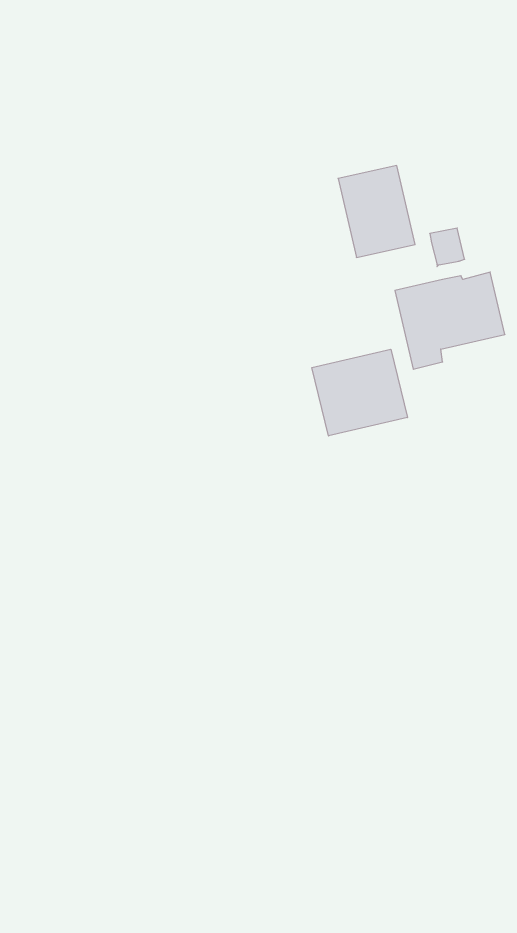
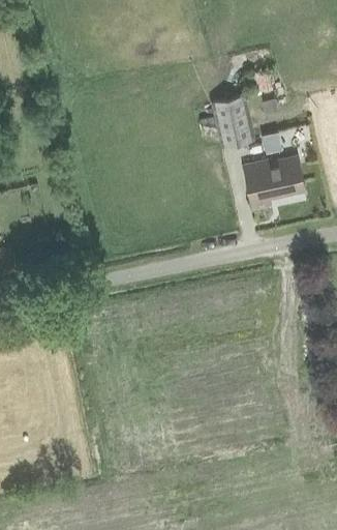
building: [312,349,407,436] -> none

